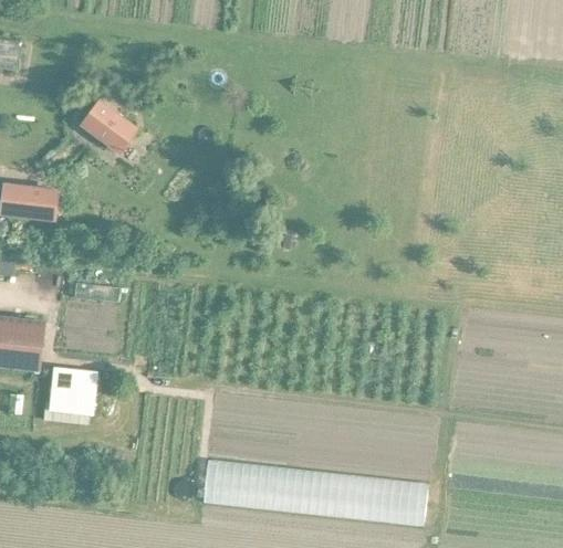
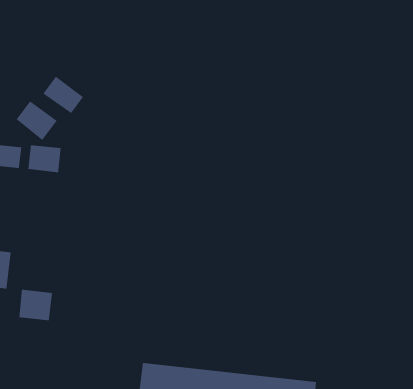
building: none -> [16,100,57,141]
building: none -> [28,145,61,173]

